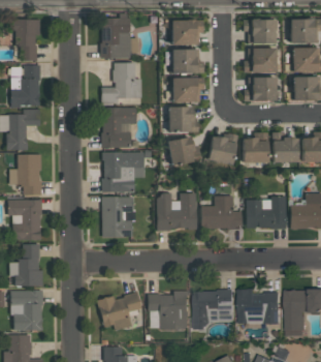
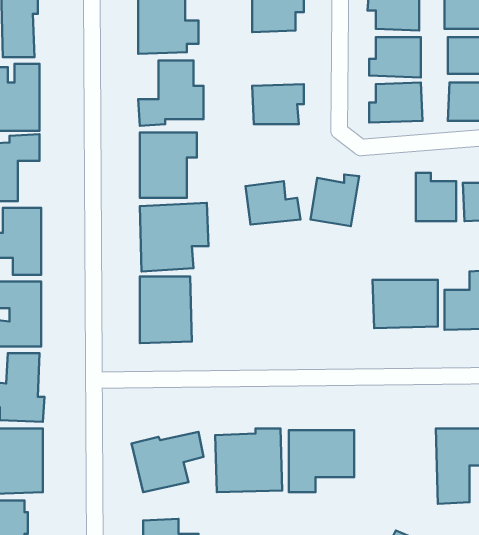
building: [171,50,203,73] -> none
building: [168,107,198,132] -> none
building: [243,139,267,162] -> none
building: [156,193,197,230] -> none
building: [201,197,242,230] -> none
building: [238,290,281,325] -> none

